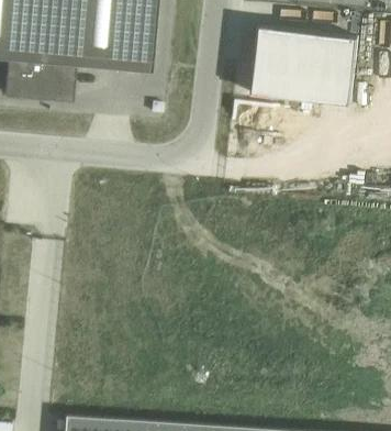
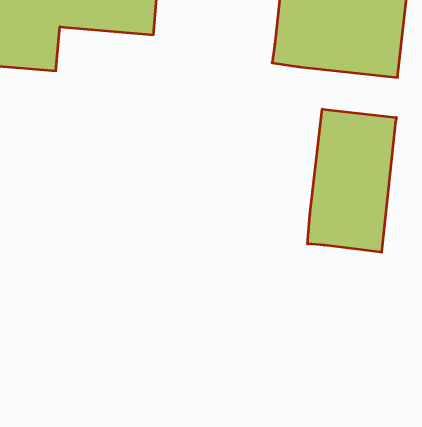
building: none -> [308,109,396,252]

